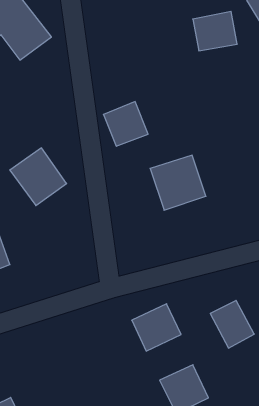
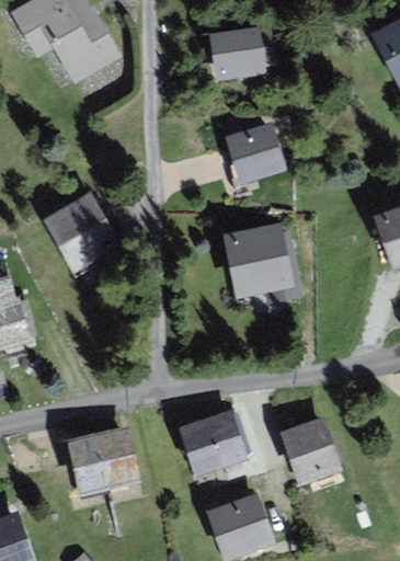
building: [193,11,237,51] -> [214,30,267,76]
building: [103,102,148,146] -> [229,126,284,181]
building: none -> [71,428,135,491]

